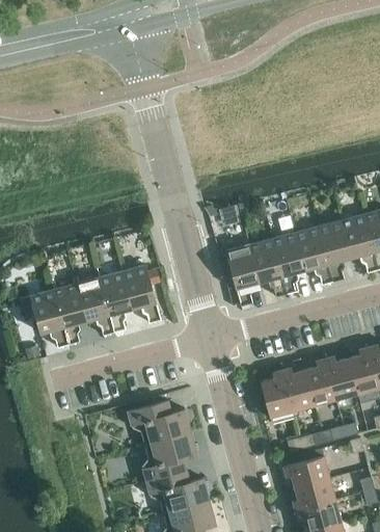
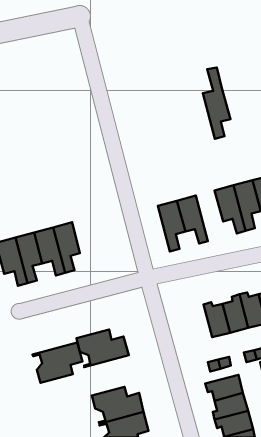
building: [272,207,305,293] -> [203,68,230,139]
building: [123,264,161,322] -> none
building: [261,370,294,423] -> none
building: [137,431,197,480] -> [33,342,82,383]

